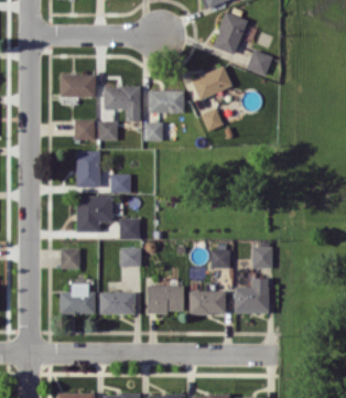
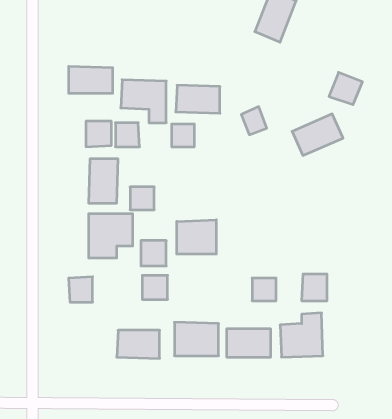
building: [246,50,273,76] -> [329,72,362,105]
building: [191,66,233,100] -> [292,114,343,155]
building: none -> [177,220,216,254]
building: [60,283,96,314] -> none

